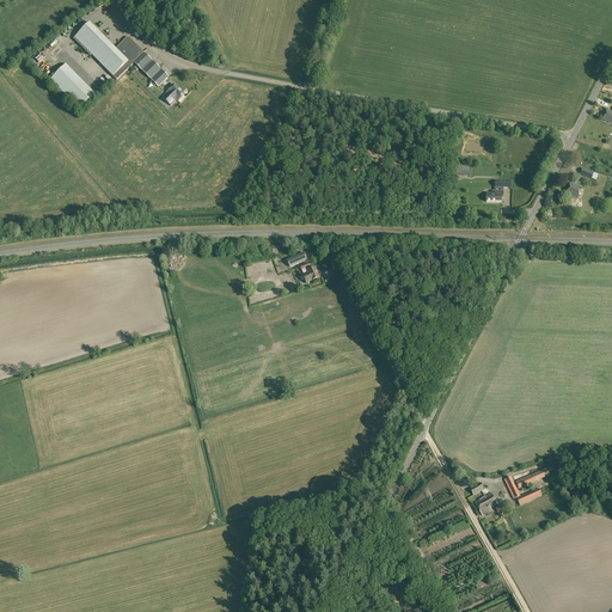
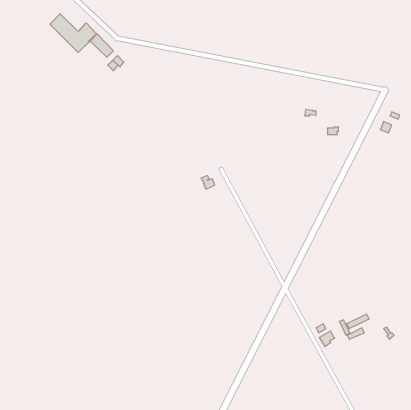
building: [50,63,94,108] -> none

